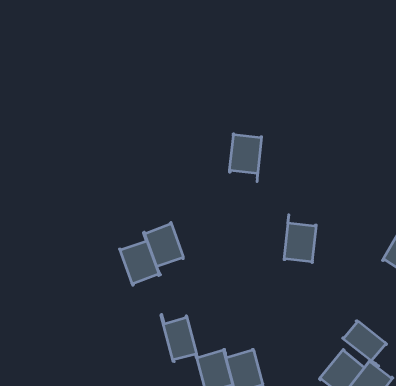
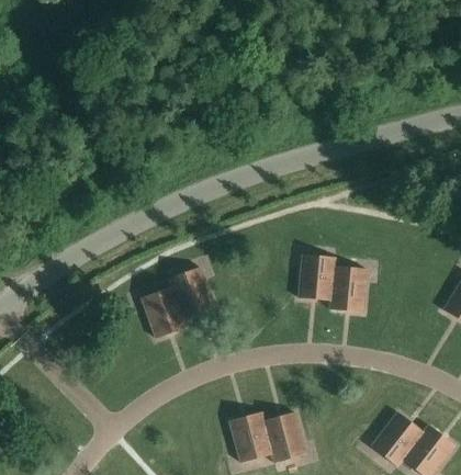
building: [229,134,262,182] -> [297,255,335,309]
building: [161,314,197,362] -> none
building: [343,321,387,366] -> none

